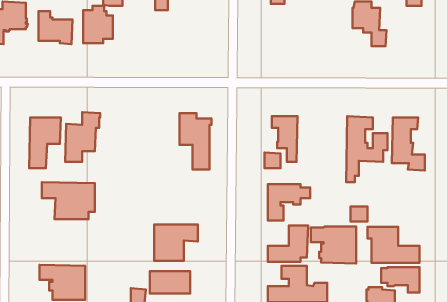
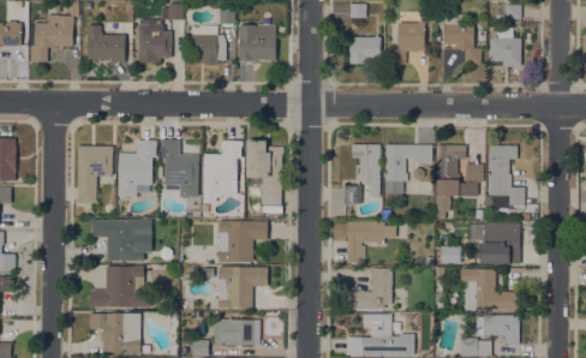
building: none -> [389,20,425,64]
building: none -> [239,24,276,64]
building: none -> [191,25,226,64]
building: none -> [490,28,521,65]
building: none -> [349,35,381,64]
building: none -> [161,139,198,197]
building: none -> [203,141,244,202]
building: none -> [384,144,432,193]
building: none -> [219,220,268,262]
building: none -> [91,265,150,306]
building: [311,226,356,264] -> [468,222,520,264]

